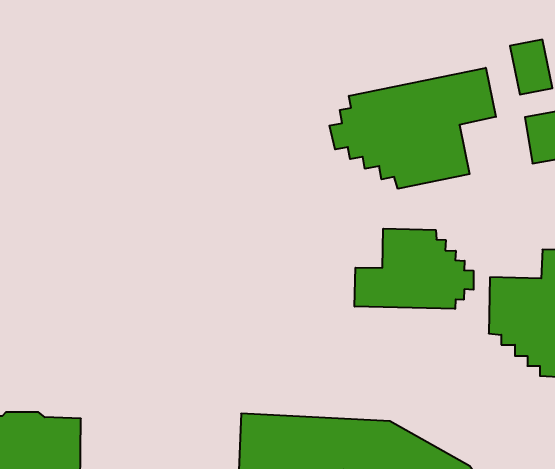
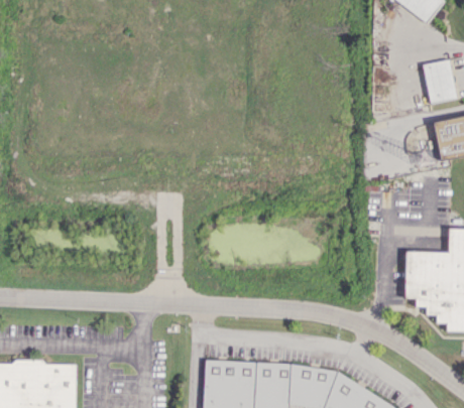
building: [329,68,496,189] -> none
building: [355,229,474,309] -> none

